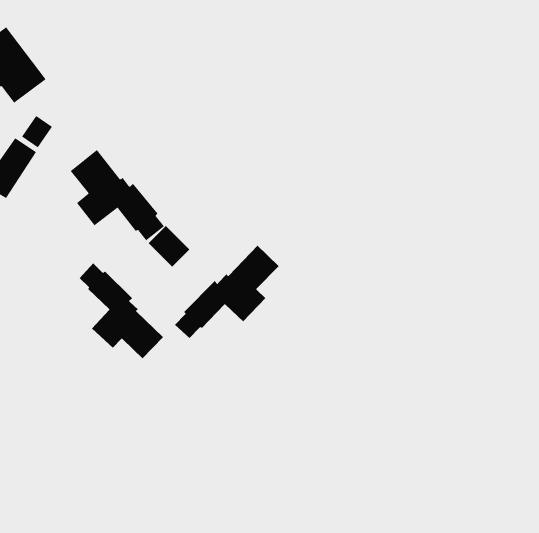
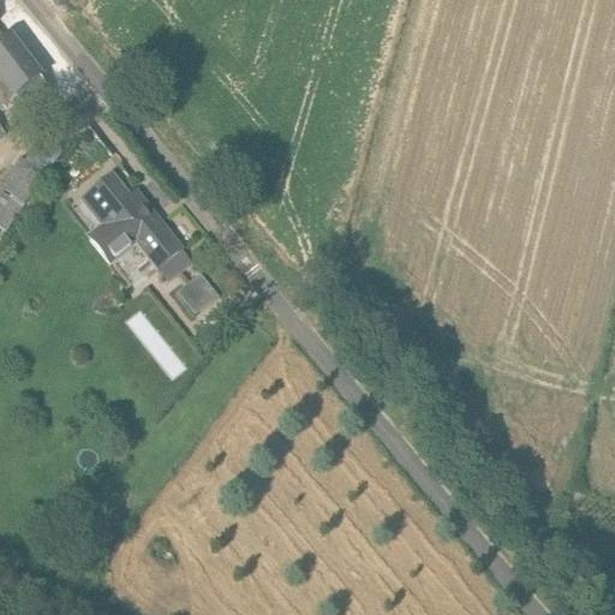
building: [174,245,279,339] -> none
building: [79,263,164,359] -> none

